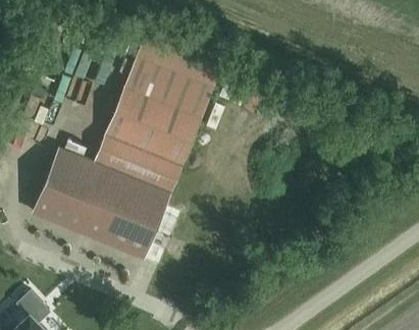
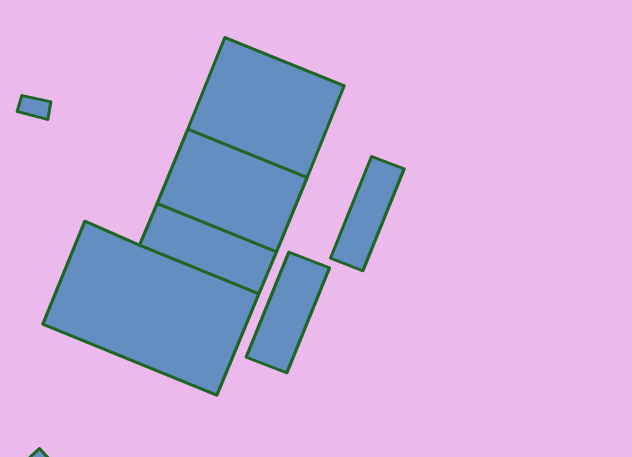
building: none -> [330,156,404,271]
building: none -> [246,252,329,373]

